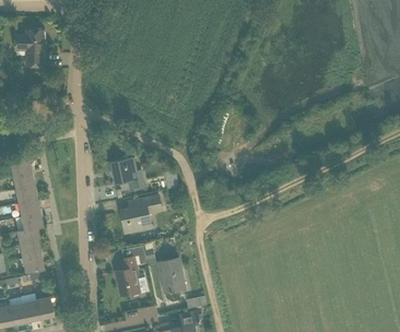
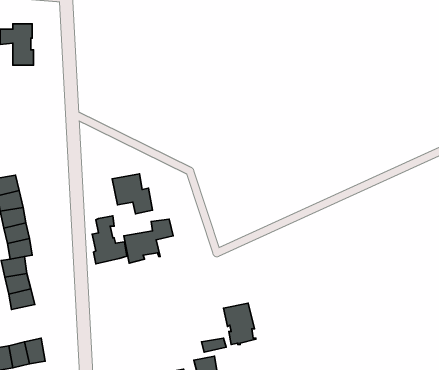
building: [117,256,146,296] -> [92,216,127,264]
building: [157,258,185,293] -> [224,303,256,344]

